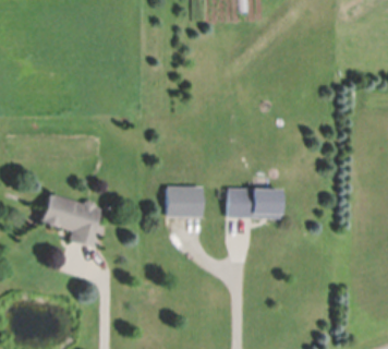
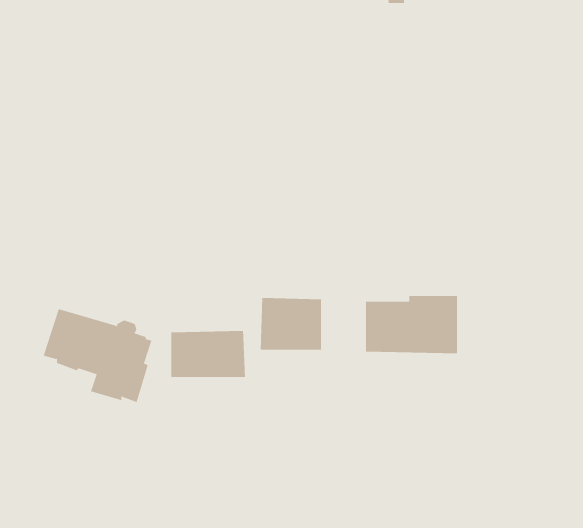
building: none -> [171,330,246,378]

